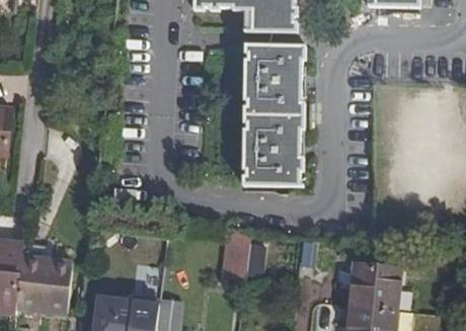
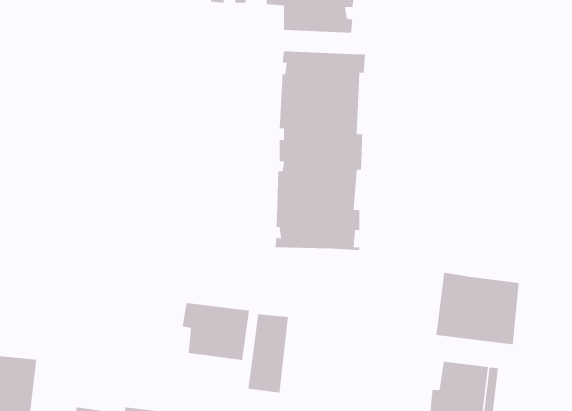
building: none -> [436,272,520,345]
building: none -> [182,302,250,361]

